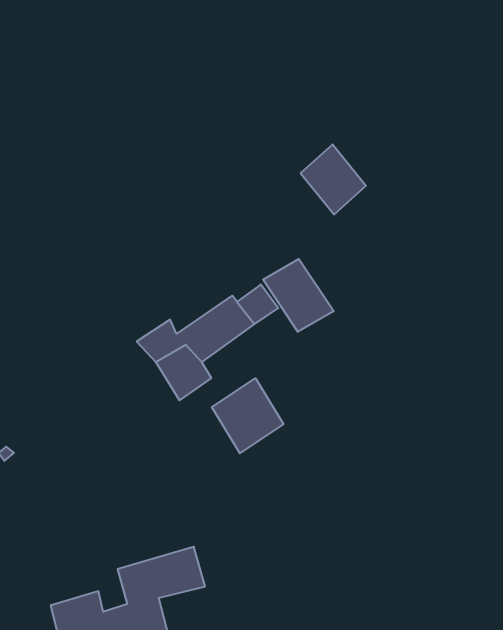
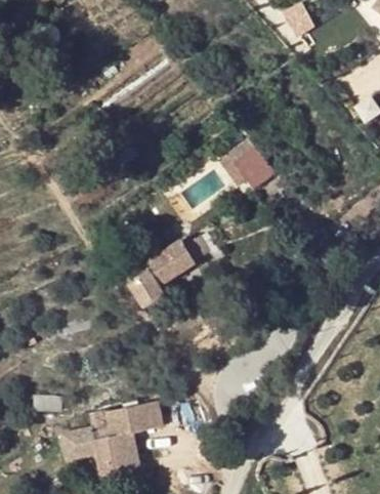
building: [263,259,334,332] -> none
building: [212,378,283,453] -> none

